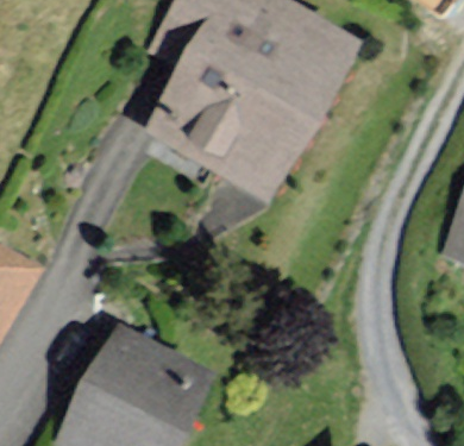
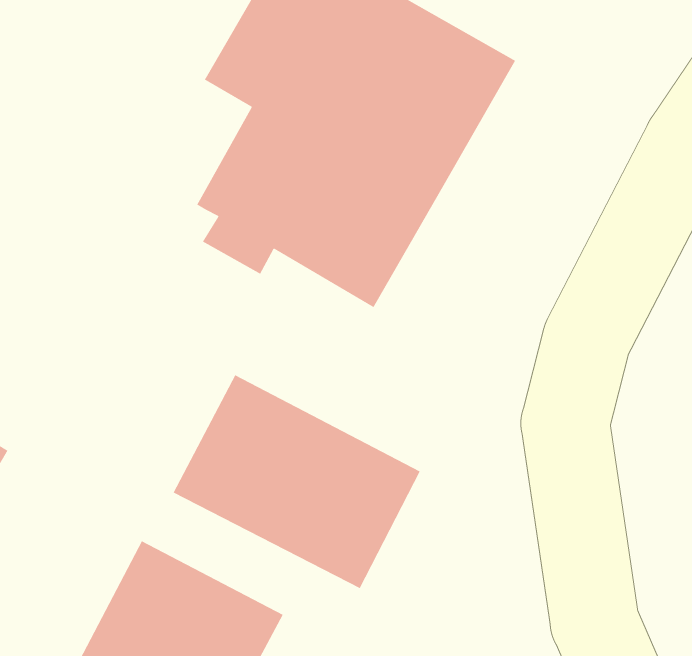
building: none -> [173,374,421,589]

